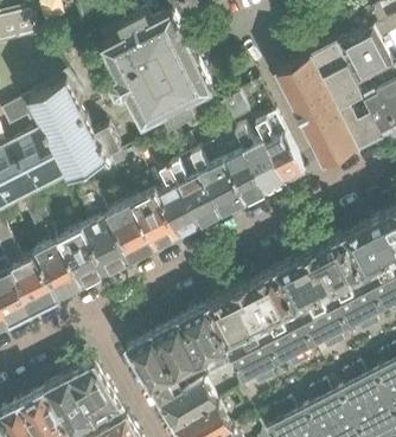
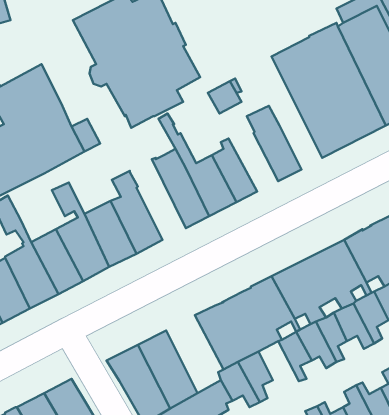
building: [234,128,282,194] -> none
building: [147,154,198,238] -> none
building: [180,307,232,378] -> none
building: [264,330,301,373] -> none

